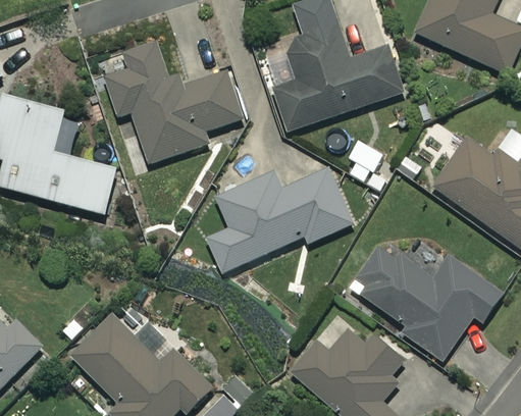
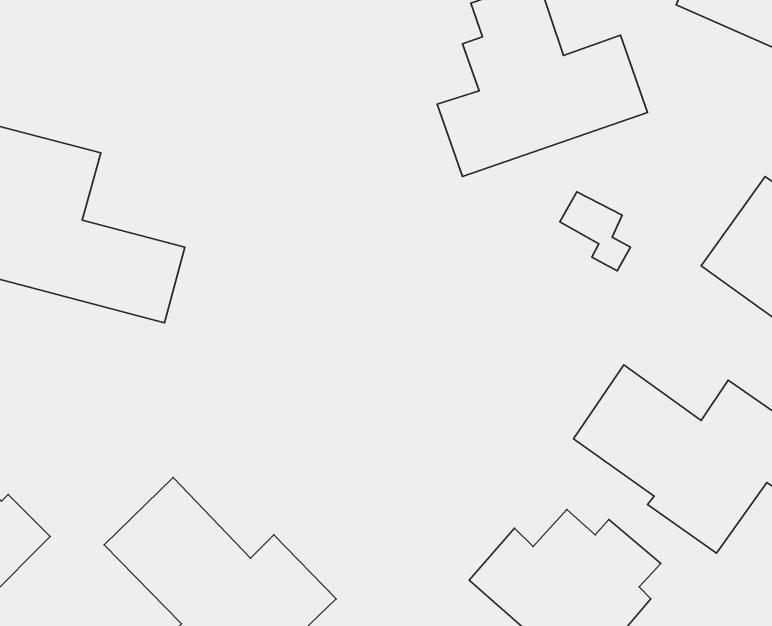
building: [104,43,243,163] -> none
building: [206,165,356,273] -> none

